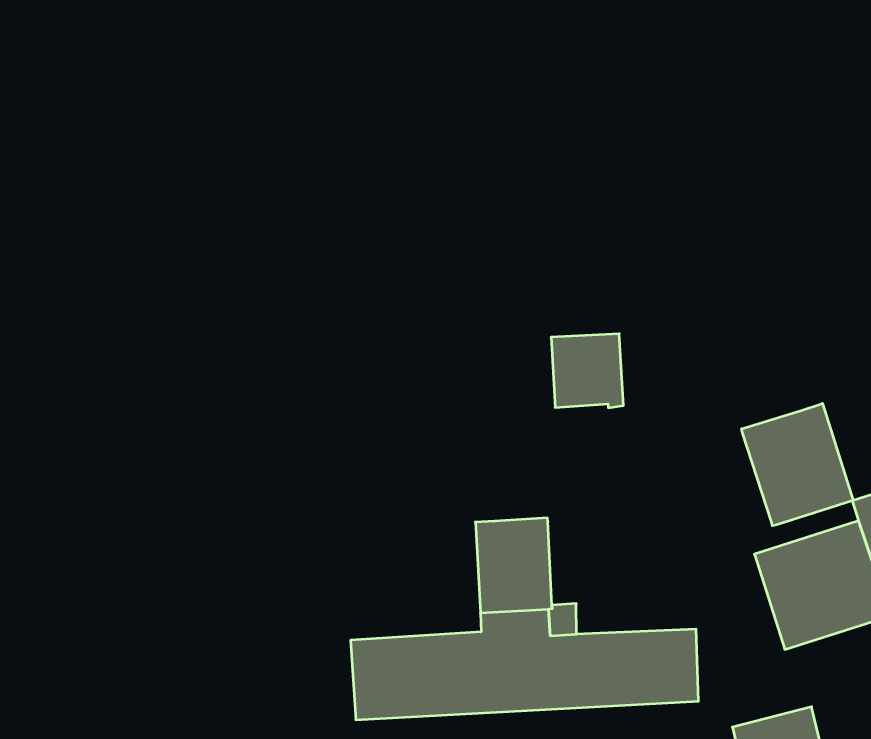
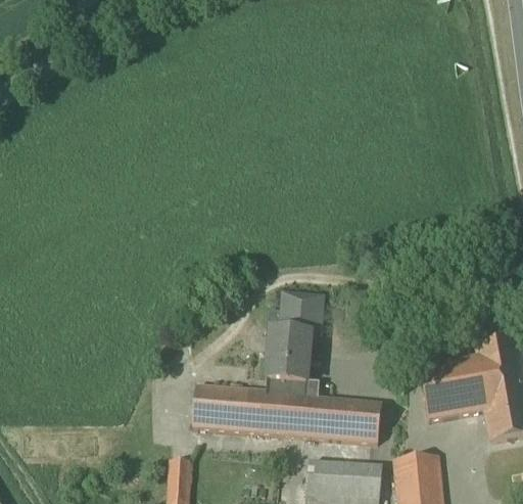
building: [551,334,623,408] -> [282,291,322,333]
building: [742,403,853,526] -> none

